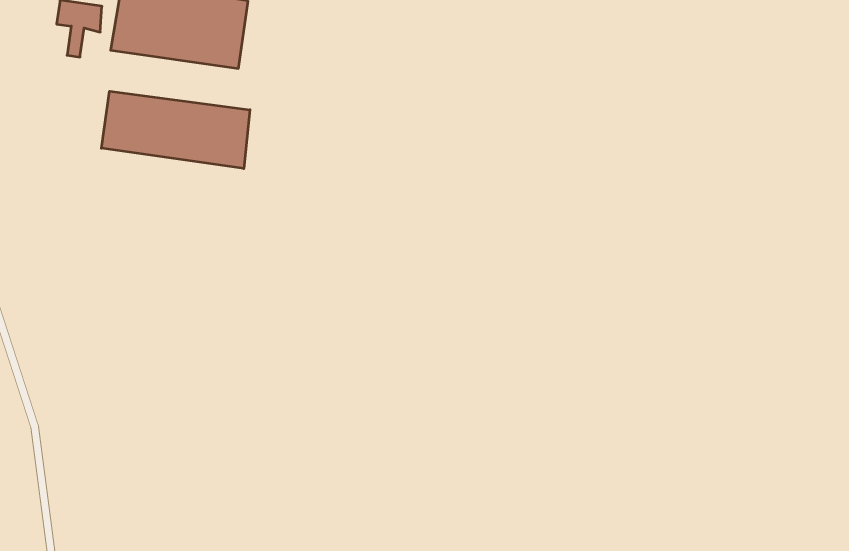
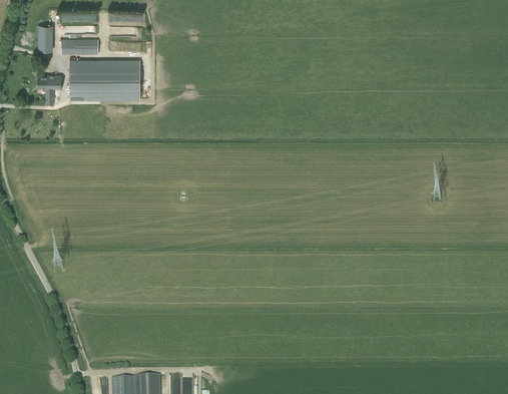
building: [101,91,250,169] -> none

